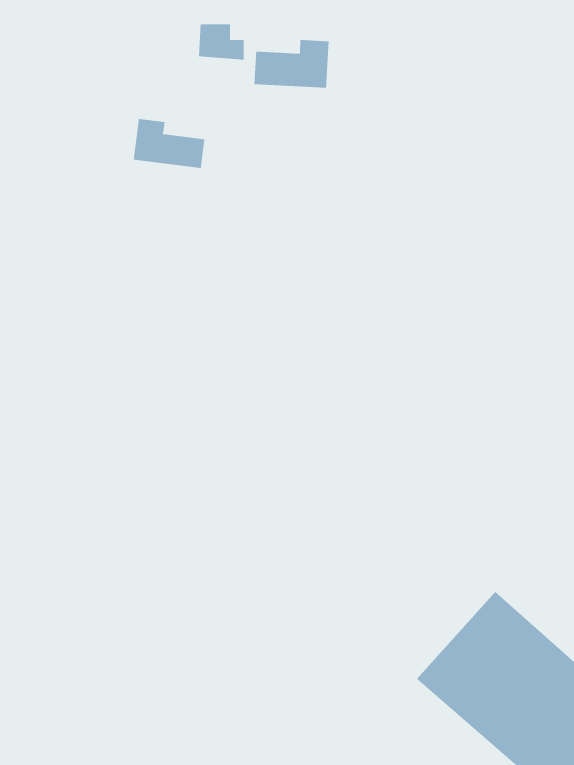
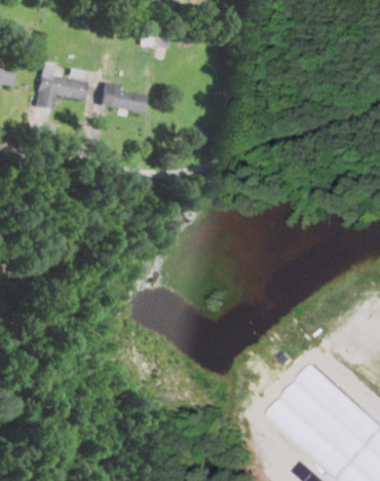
building: [254,39,329,89] -> none
building: none -> [31,63,81,110]

